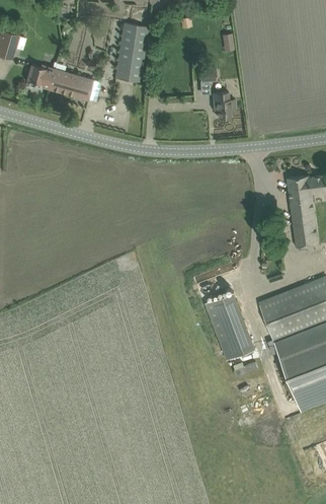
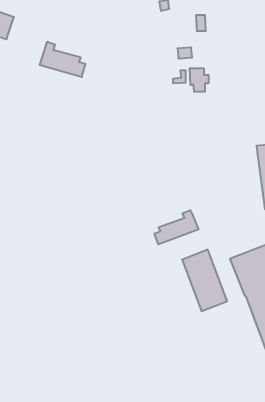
building: [114,23,148,83] -> none
building: [26,66,54,89] -> none
building: none -> [155,210,198,244]

